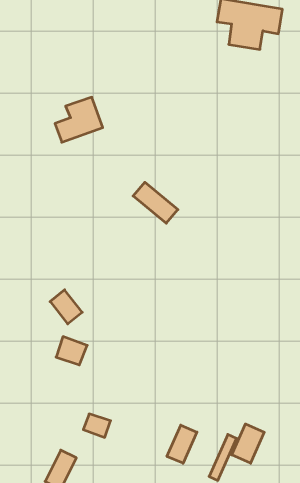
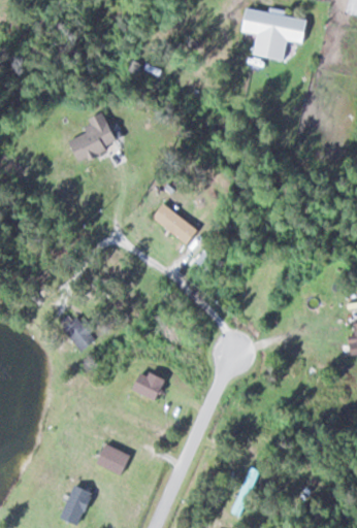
building: [56,337,87,365] -> [130,369,163,399]
building: [232,424,264,463] -> none
building: [167,425,197,463] -> none

